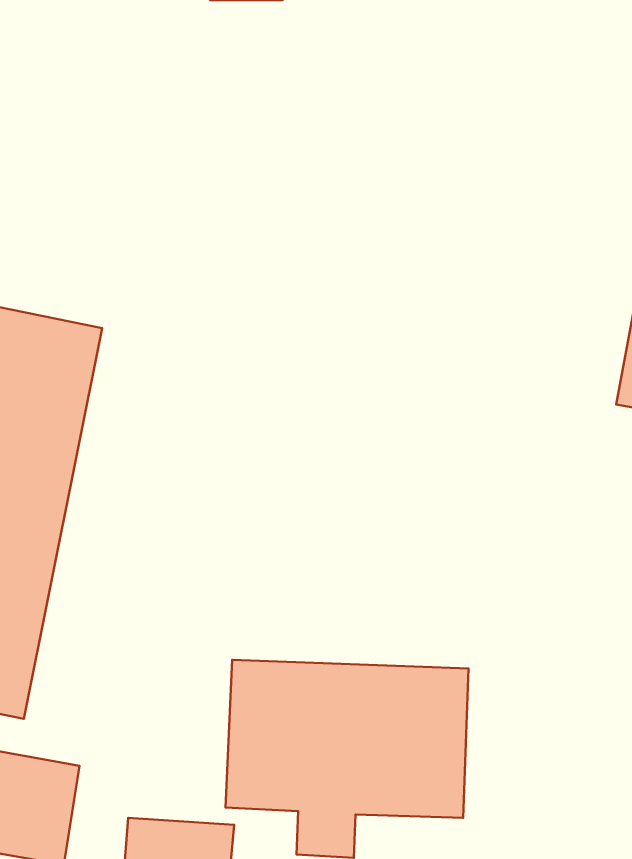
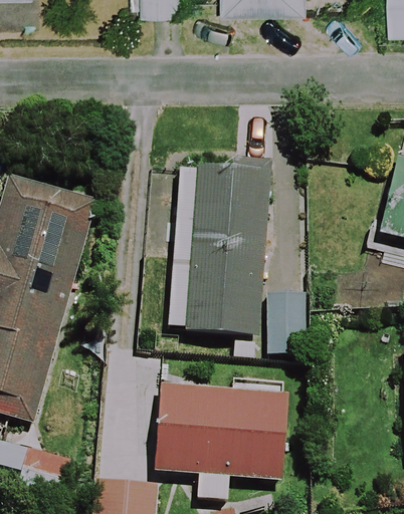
building: none -> [170,170,267,335]

